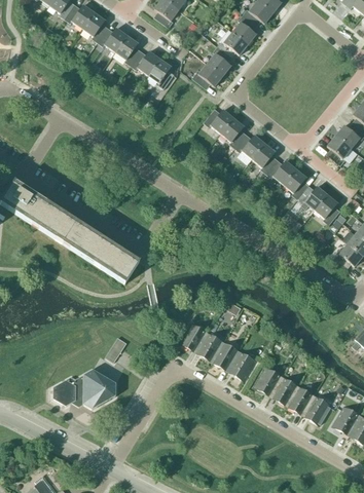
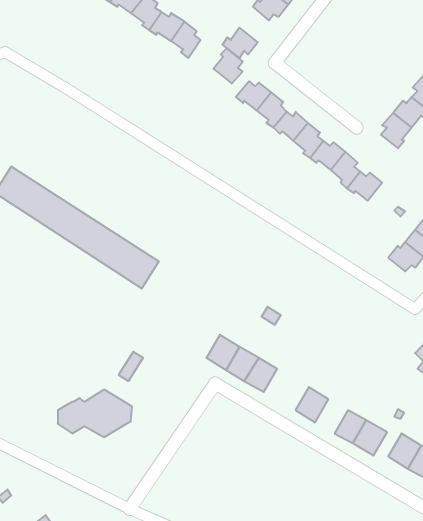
building: [207,46,231,76] -> [213,48,243,84]
building: [315,194,340,225] -> none
building: [227,351,256,381] -> none
building: [270,377,298,406] -> none

